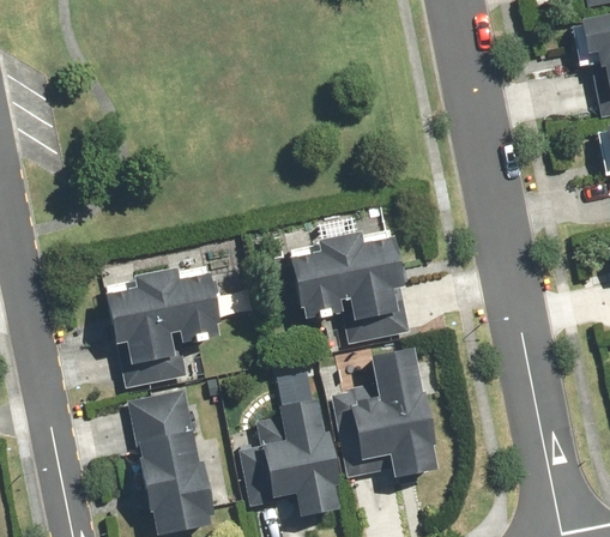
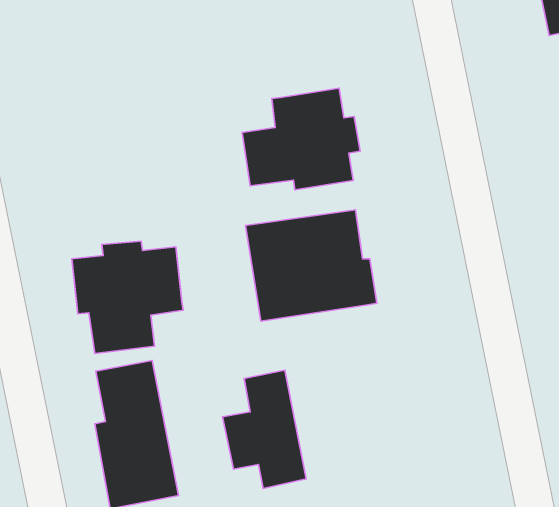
building: none -> [242,88,360,190]
building: [344,345,439,473] -> none

